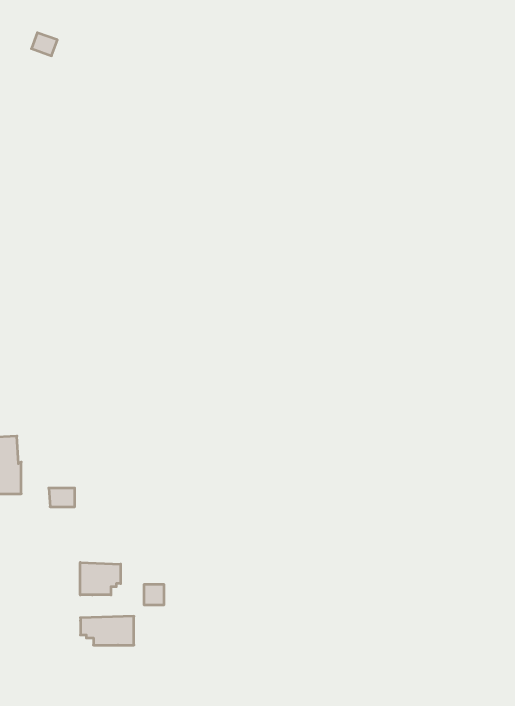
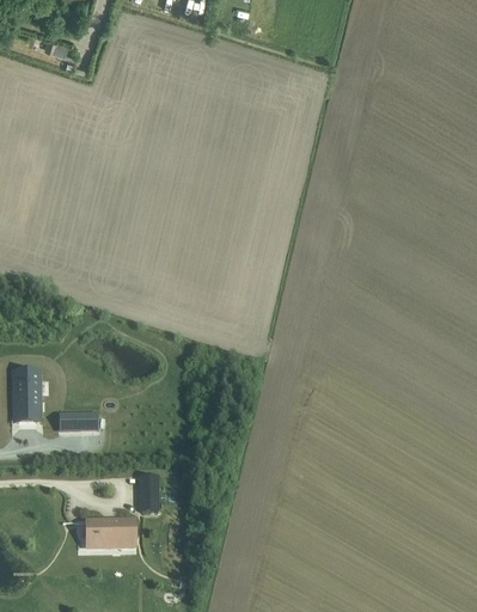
building: [80,562,121,595] -> none

